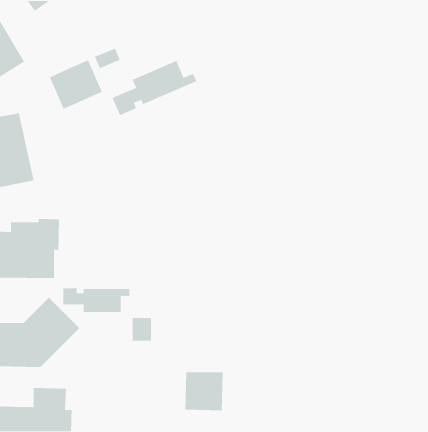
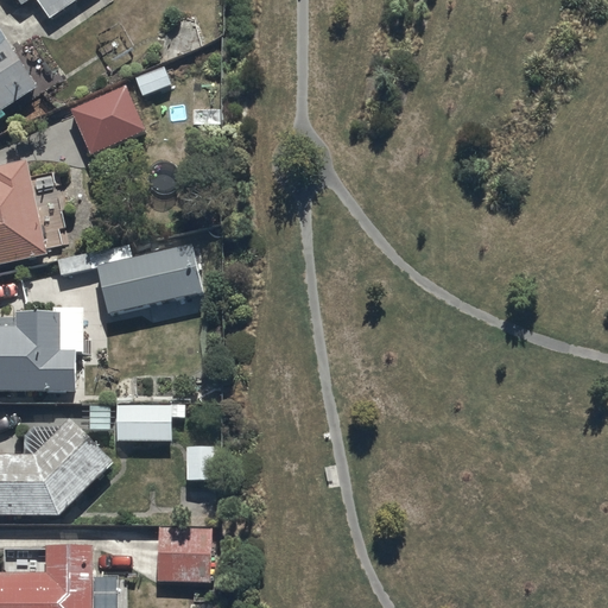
building: [112,60,197,116] -> none
building: none -> [55,243,205,316]
building: [185,371,223,411] -> [156,527,210,583]

